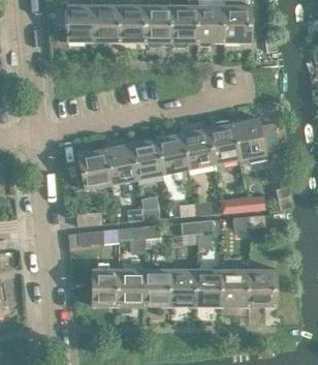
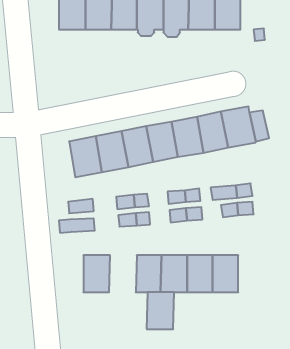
building: [119,269,147,306] -> [147,292,174,329]
building: [249,269,277,307] -> none

